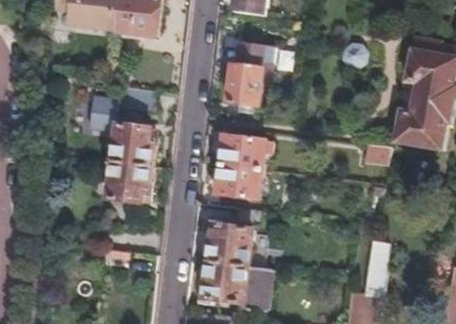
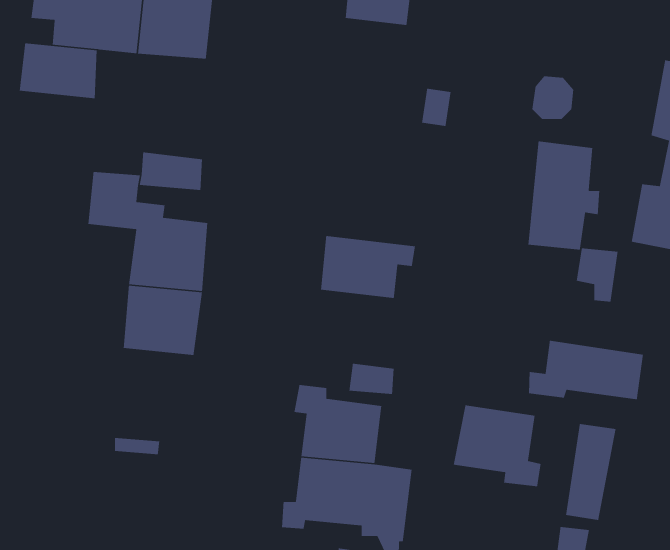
building: none -> [19,43,98,99]
building: [227,42,268,105] -> [527,141,600,251]
building: [216,167,261,199] -> none
building: none -> [528,340,644,400]
building: none -> [453,404,541,487]

